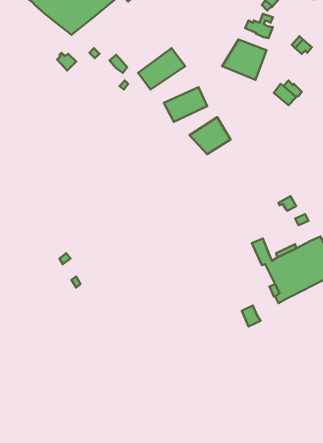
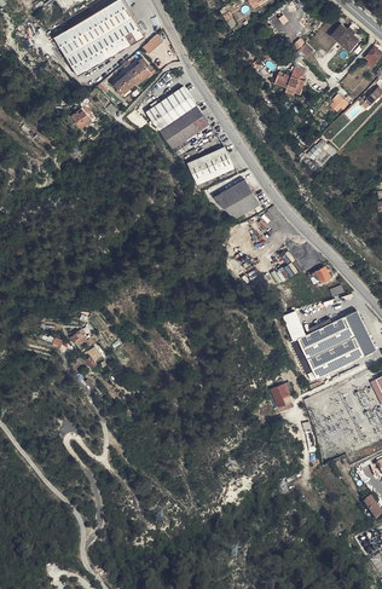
building: none -> [114,57,150,92]
building: none -> [145,86,195,131]
building: [222,40,266,80] -> none

